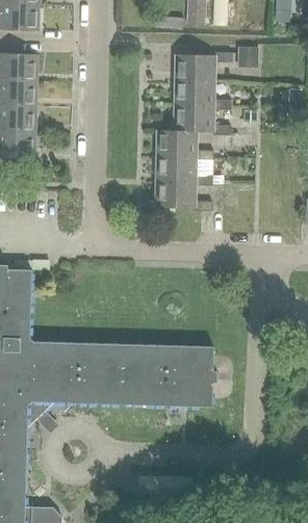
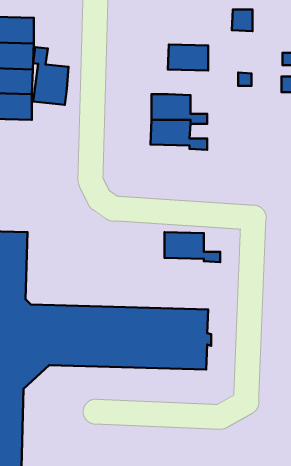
building: [174,53,231,81] -> none
building: none -> [33,47,68,105]
building: [173,100,231,135] -> none
building: [155,181,211,211] -> [165,232,220,262]

